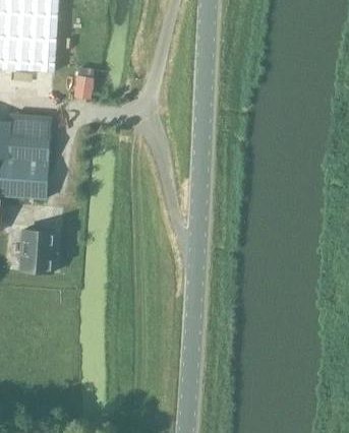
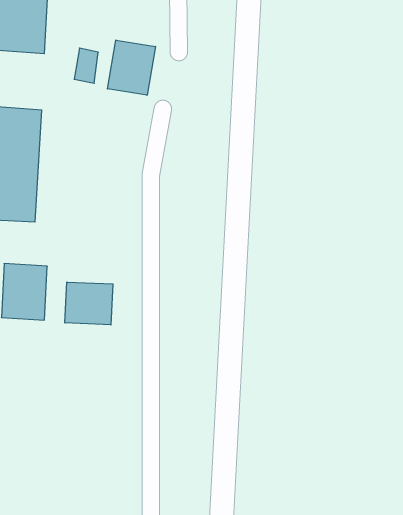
building: none -> [107,40,155,95]
building: none -> [65,282,113,325]

